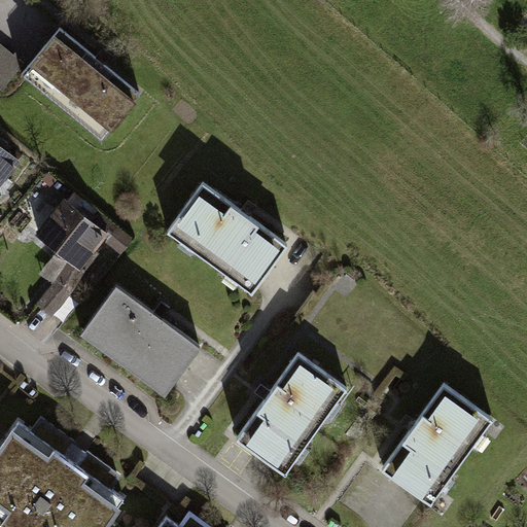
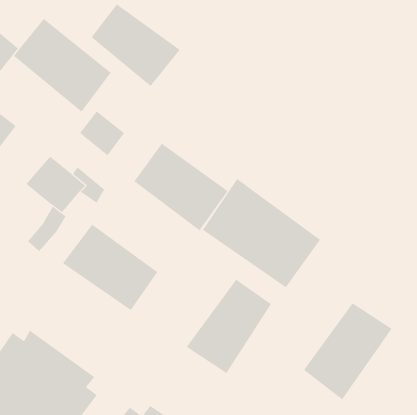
building: none -> [91,3,180,87]
building: none -> [79,110,125,156]
building: none -> [202,178,321,288]

